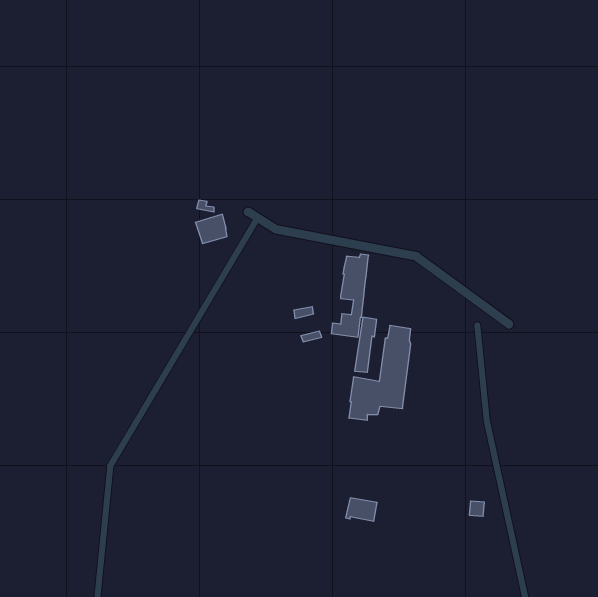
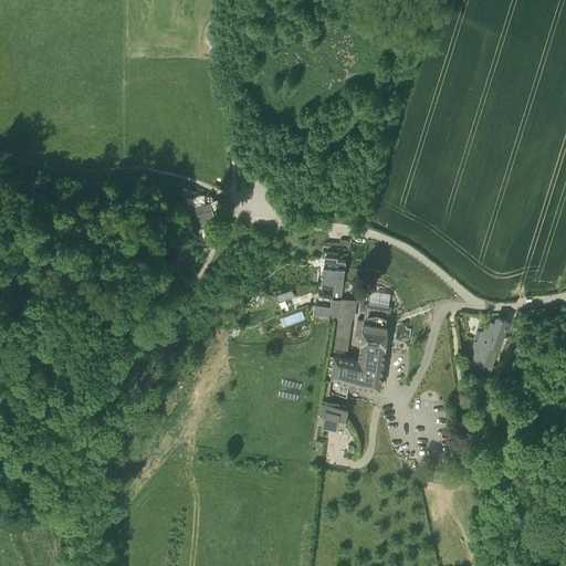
building: none -> [468,318,507,367]
building: [346,498,377,521] -> [318,406,348,428]

